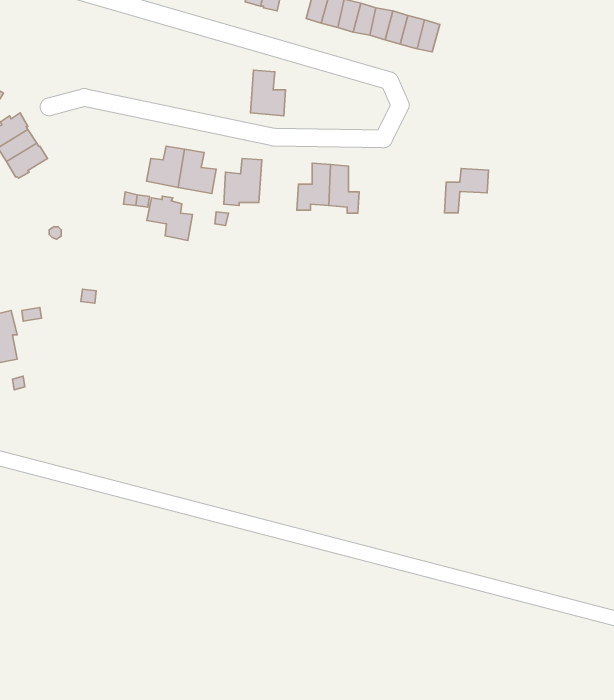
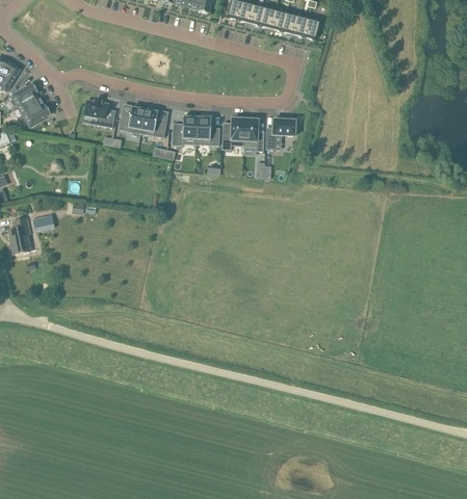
building: [250,70,285,116] -> [196,114,219,146]
building: [445,169,489,213] -> [265,119,295,149]
building: [147,196,192,240] -> [84,98,115,128]

